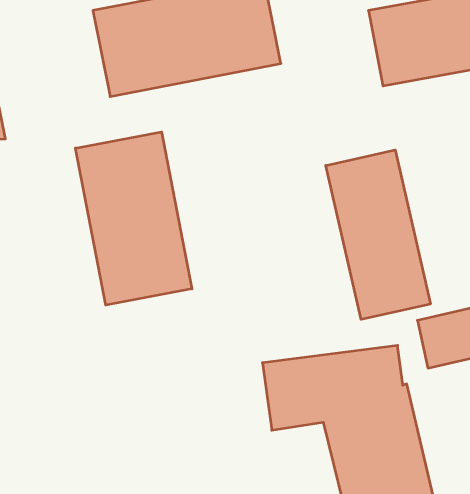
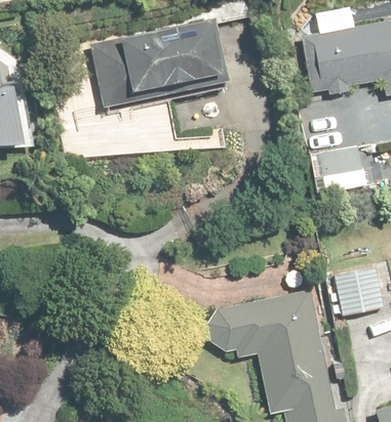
building: [75,132,192,305] -> none
building: [326,150,430,319] -> none

